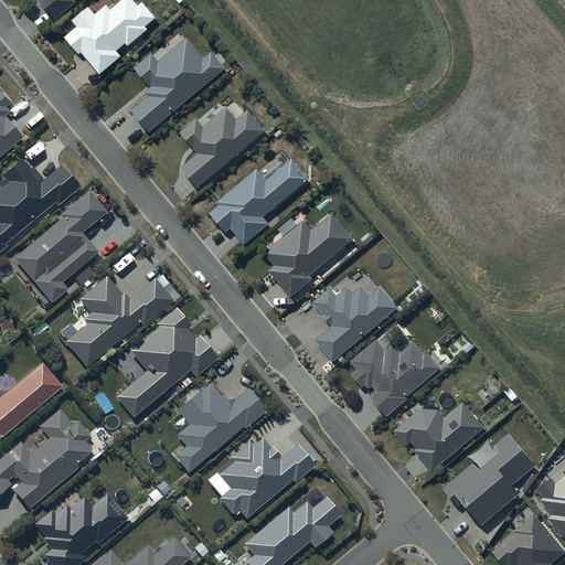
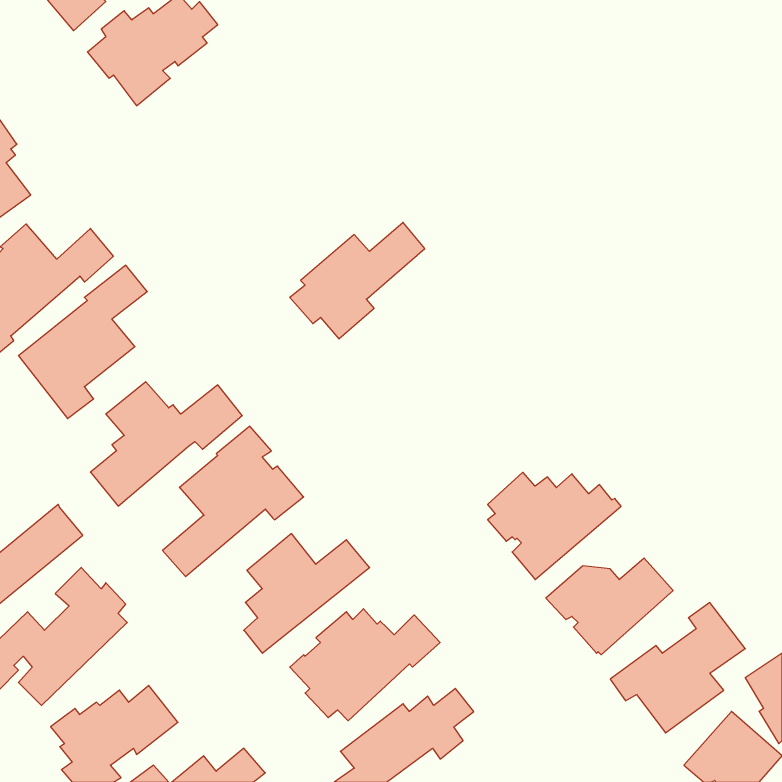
building: [132,38,226,131] -> none
building: [179,107,264,188] -> none
building: [263,212,354,298] -> none
building: [312,287,397,362] -> none

